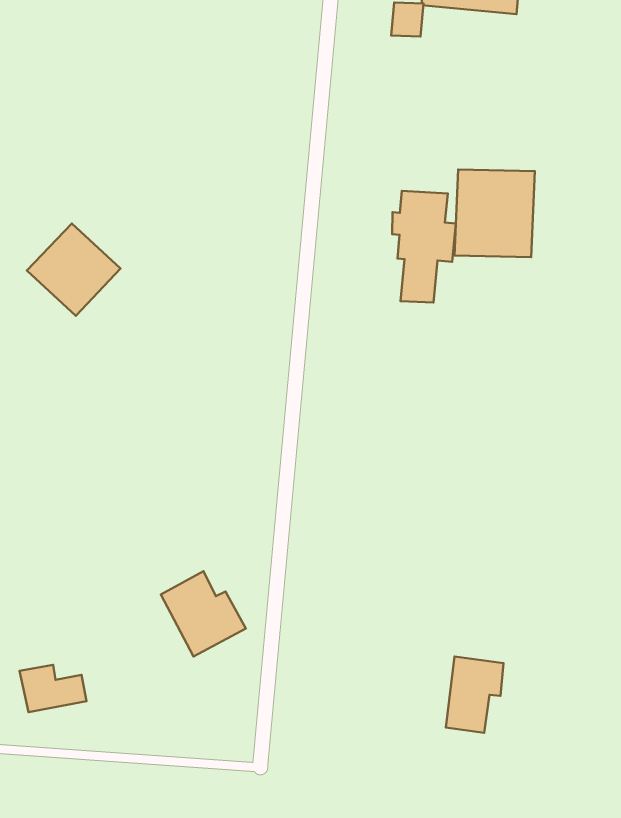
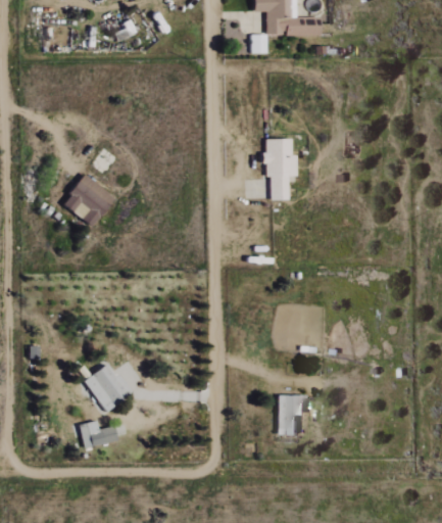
building: [455,169,535,257] -> none
building: [161,571,246,657] -> [84,364,133,412]
building: [446,657,504,733] -> [278,394,306,435]

